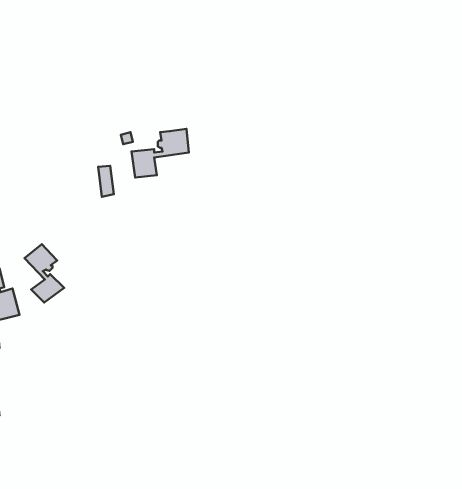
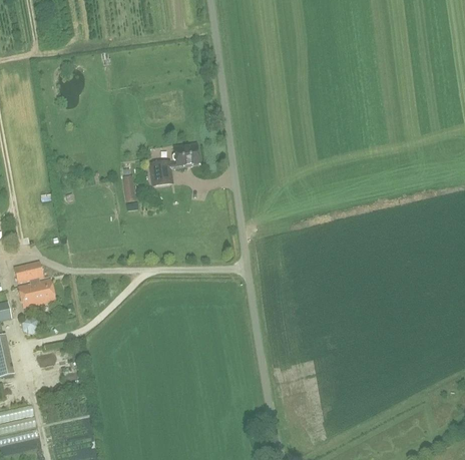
building: [24,244,64,302] -> none

